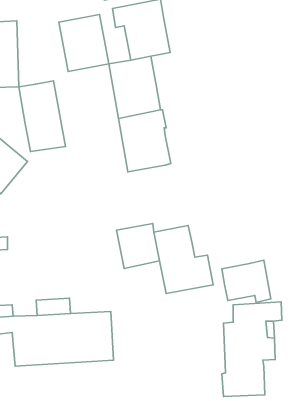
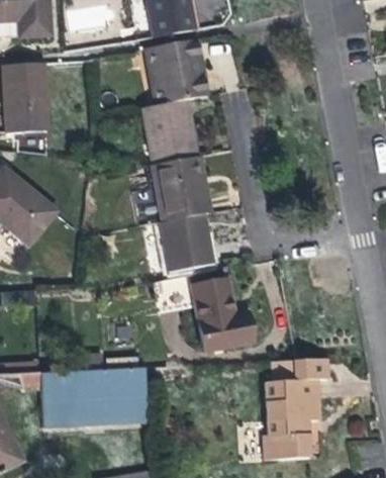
building: [59,14,109,72] -> none
building: [19,81,65,152] -> none
building: none -> [162,214,212,271]
building: [222,260,271,302] -> none

